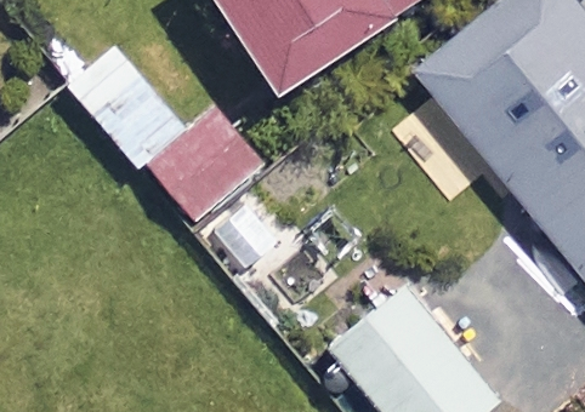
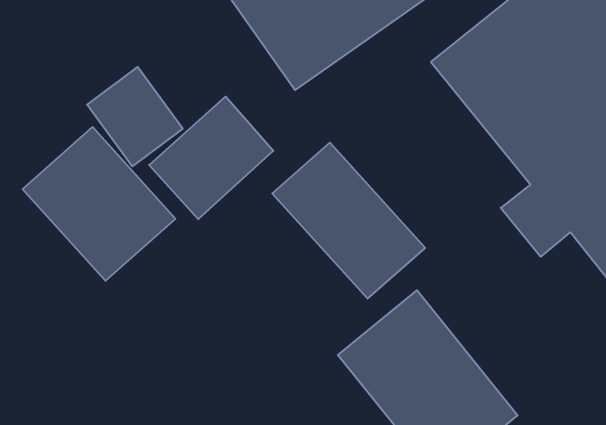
building: none -> [23,127,175,281]
building: none -> [272,143,425,299]

